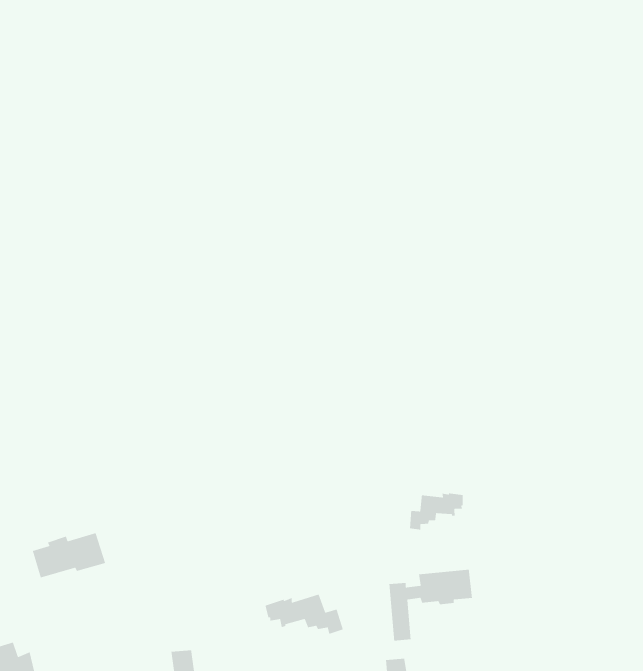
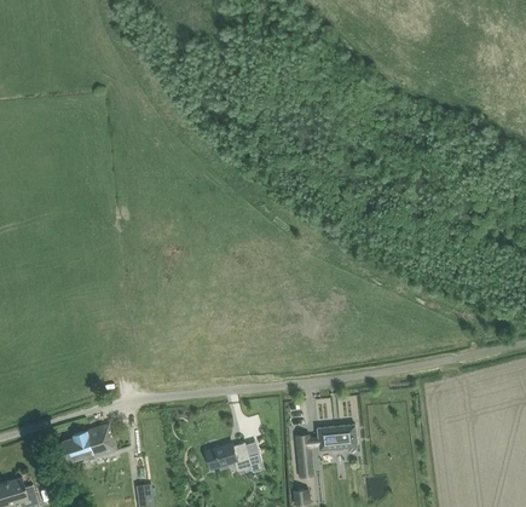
building: [409,493,464,530] -> none
building: [32,532,106,578] -> [62,427,116,461]

